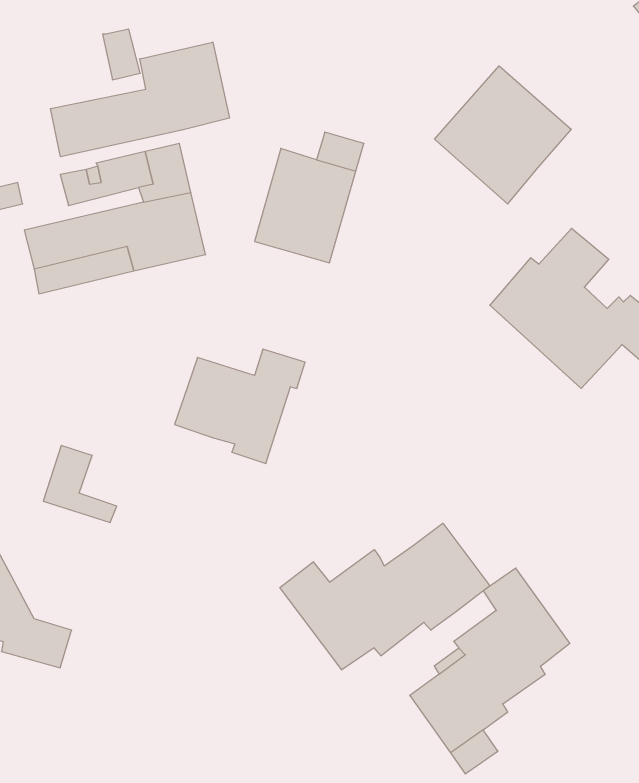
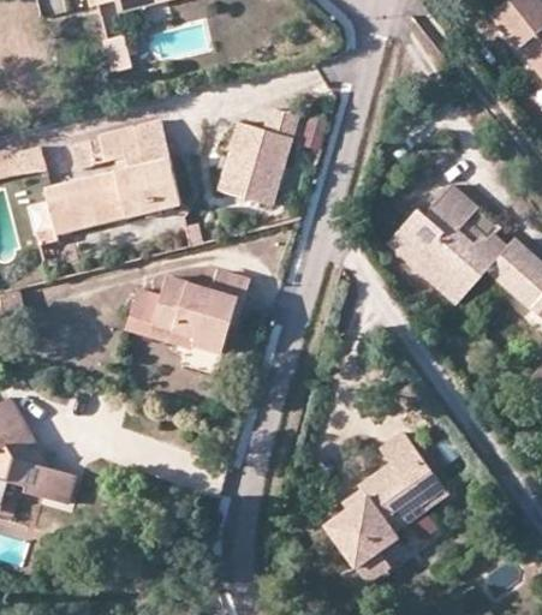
building: [50,42,229,157] -> none
building: [435,66,571,204] -> none
building: [43,446,117,522] -> [129,292,183,348]
building: [280,523,490,670] -> none

